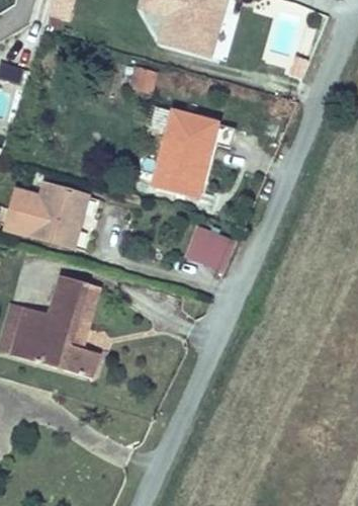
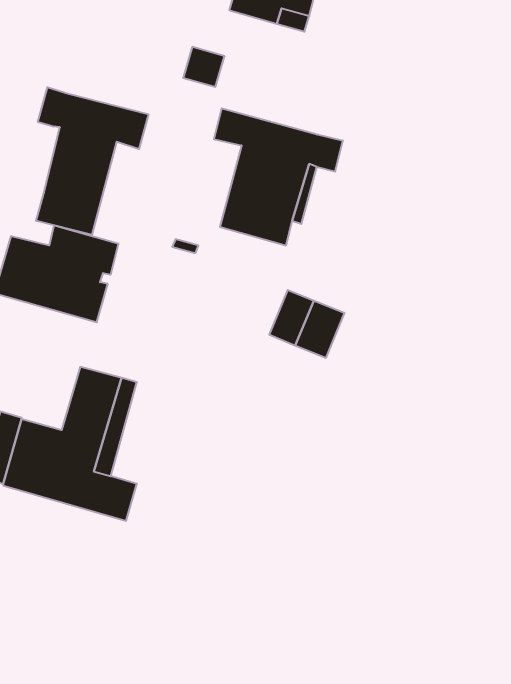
building: none -> [36,87,149,235]

